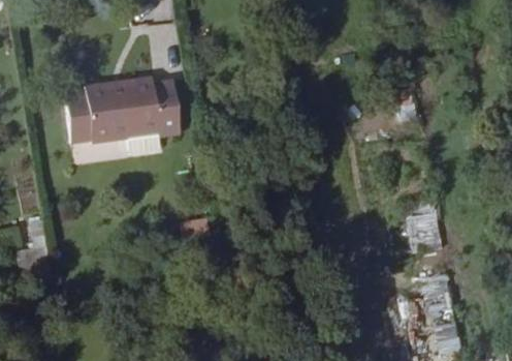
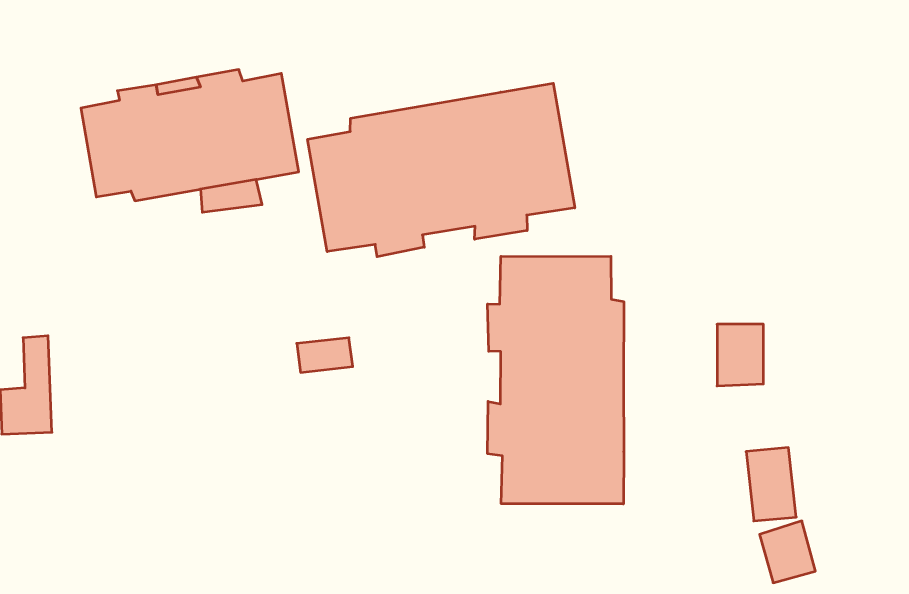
building: none -> [308,83,575,257]
building: none -> [488,256,624,504]

